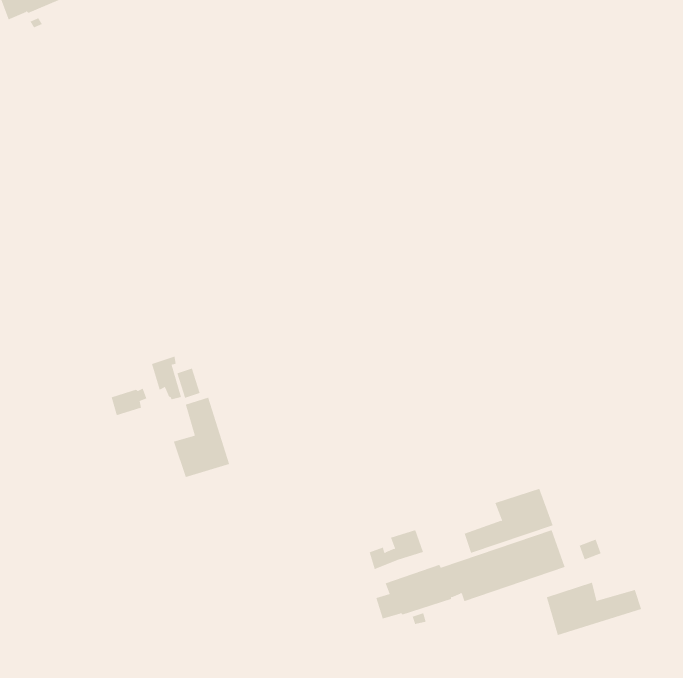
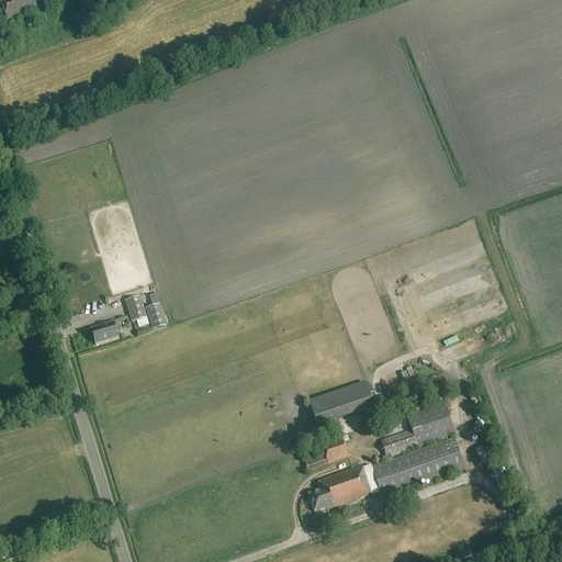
building: [173,397,230,478] -> none
building: none -> [308,379,373,424]
building: [546,582,642,636] -> none

